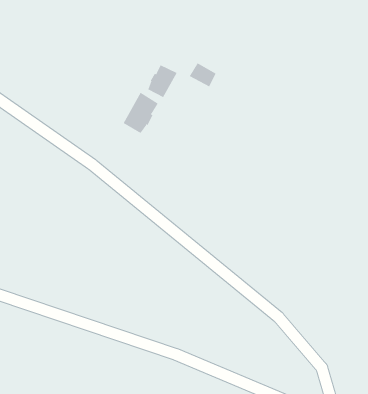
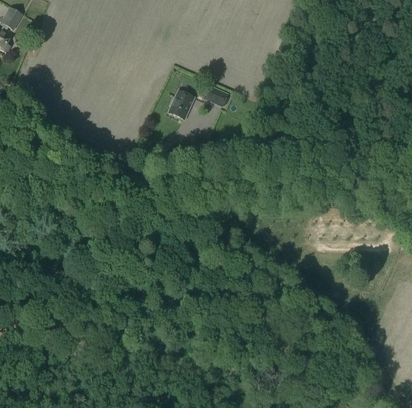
building: [123,92,159,134] -> none

